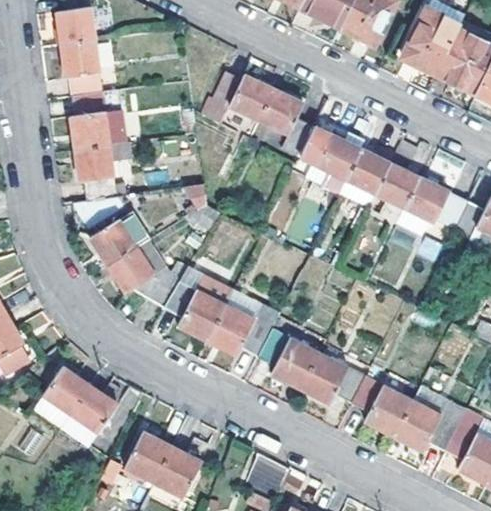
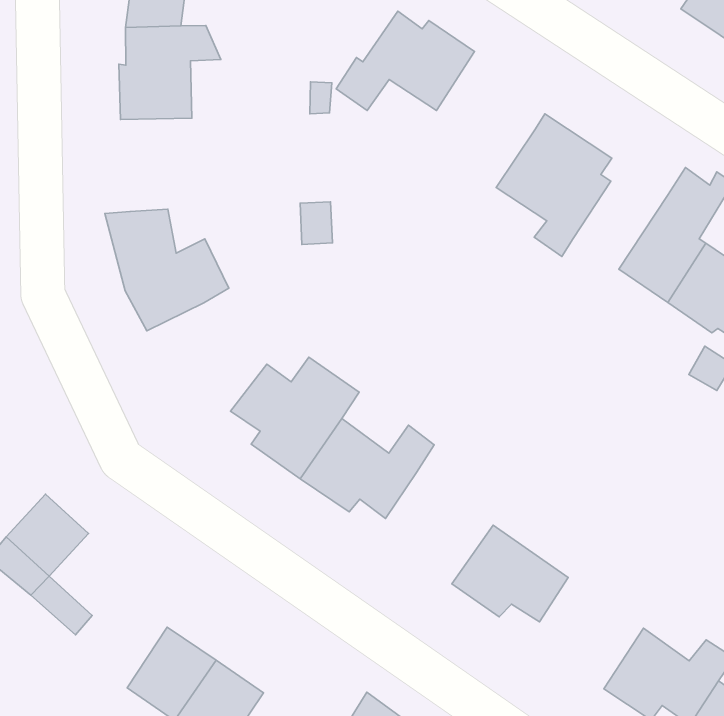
building: [256,87,313,162] -> none
building: [342,144,392,199] -> none
building: [79,145,124,202] -> none
building: [109,248,179,307] -> none
building: [257,328,318,388] -> none
building: [351,376,410,436] -> none
building: [72,386,116,432] -> none

